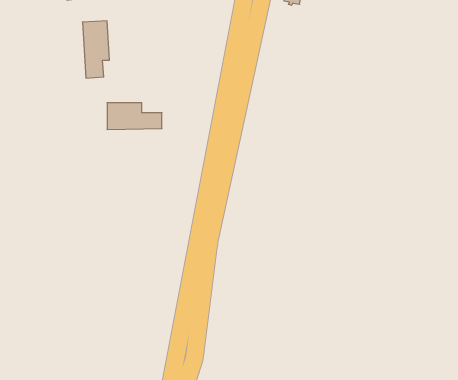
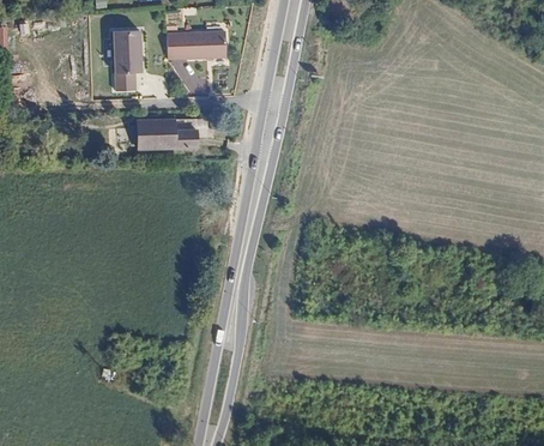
building: none -> [167,30,225,59]

